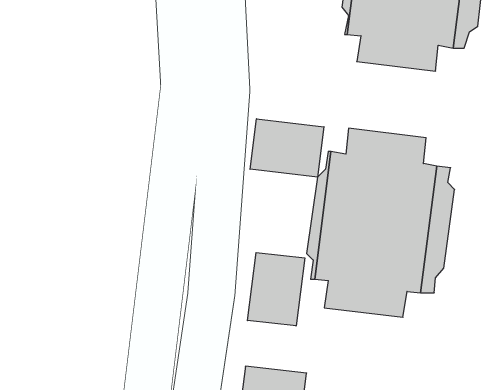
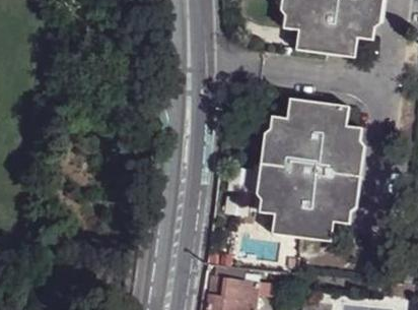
building: [250,119,324,177] -> none
building: [247,253,305,326] -> none

